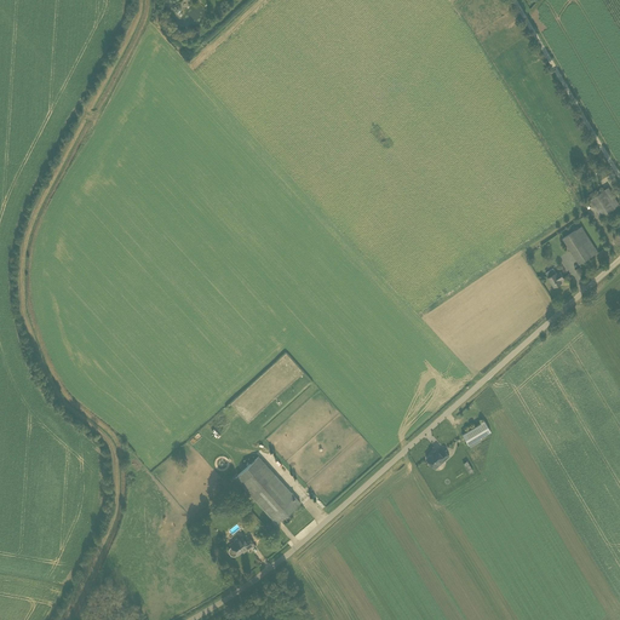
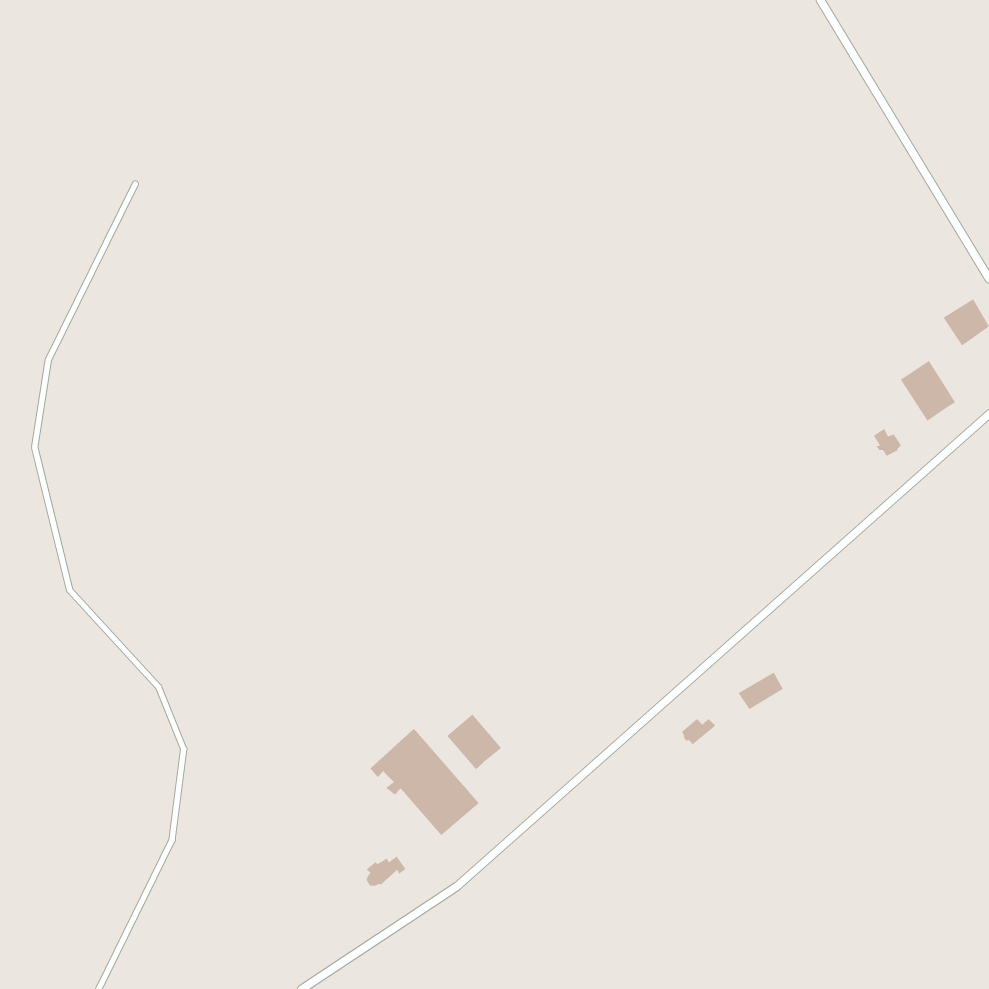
building: none -> [446,714,502,770]

